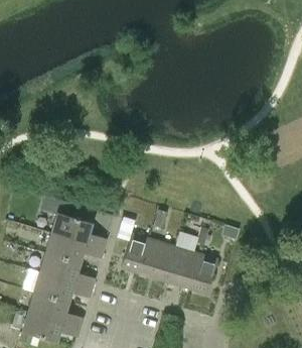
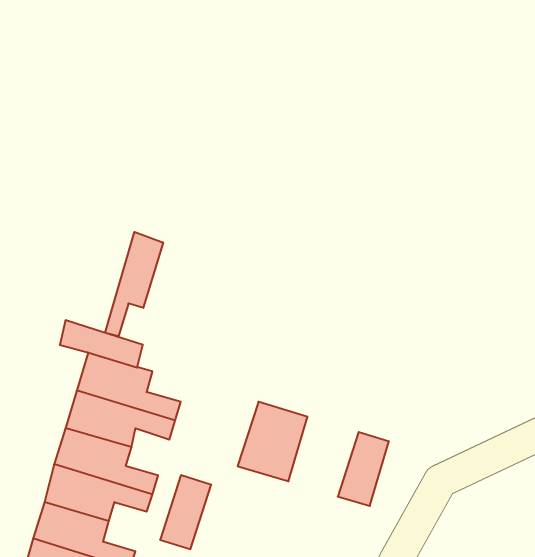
building: none -> [105,232,163,336]
building: [121,234,148,273] -> [160,475,211,549]
building: [164,247,201,289] -> none

